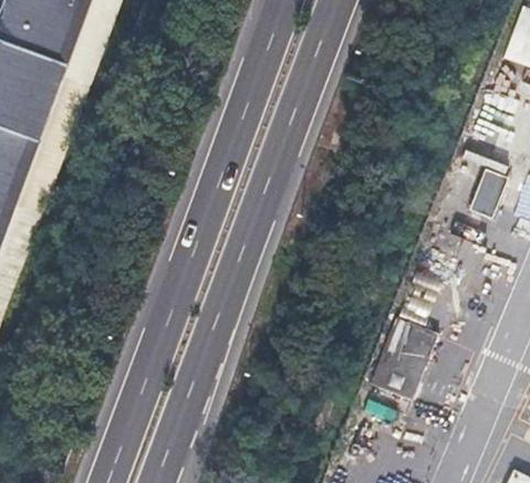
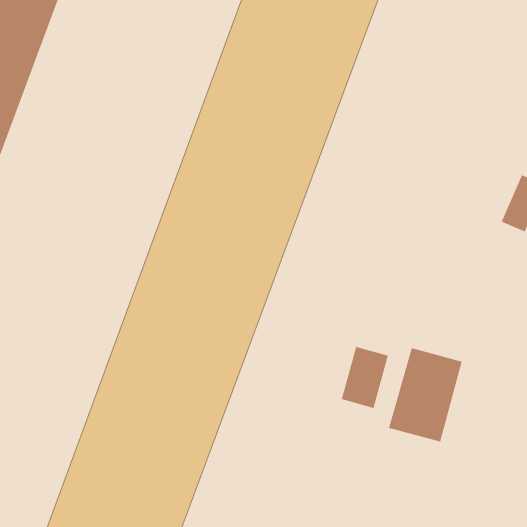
building: none -> [341,346,388,409]

